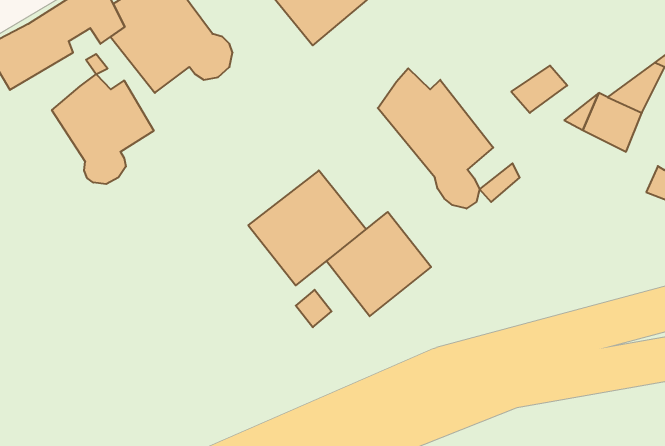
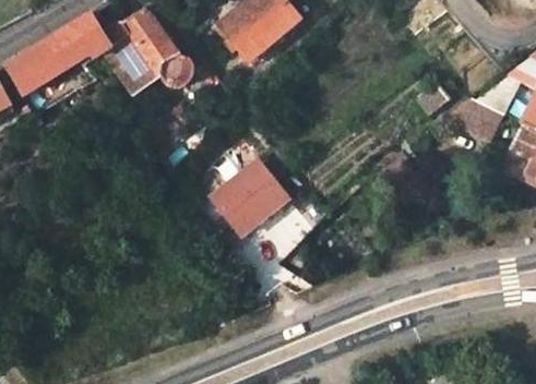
building: [378,68,493,209] -> none
building: [52,74,154,184] -> none
building: [326,212,431,316] -> none

